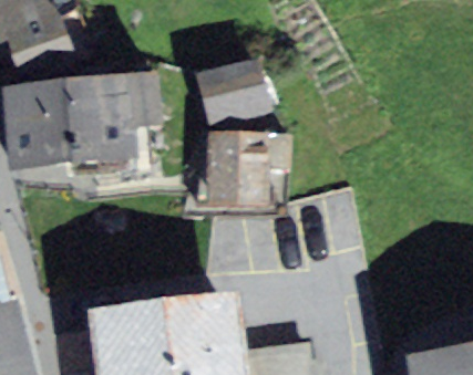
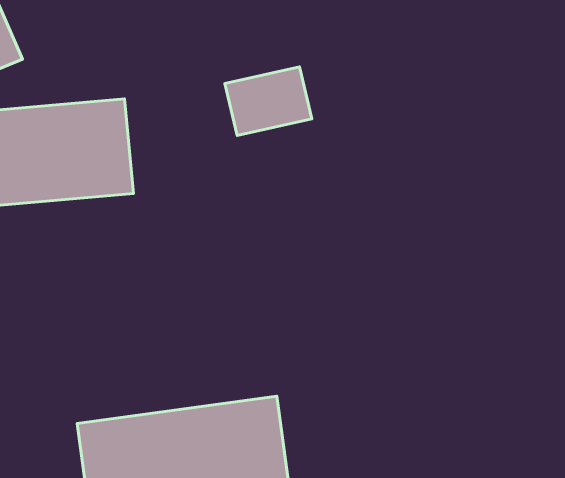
building: [205,129,286,185] -> none

